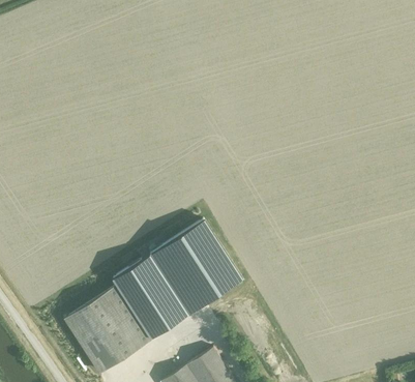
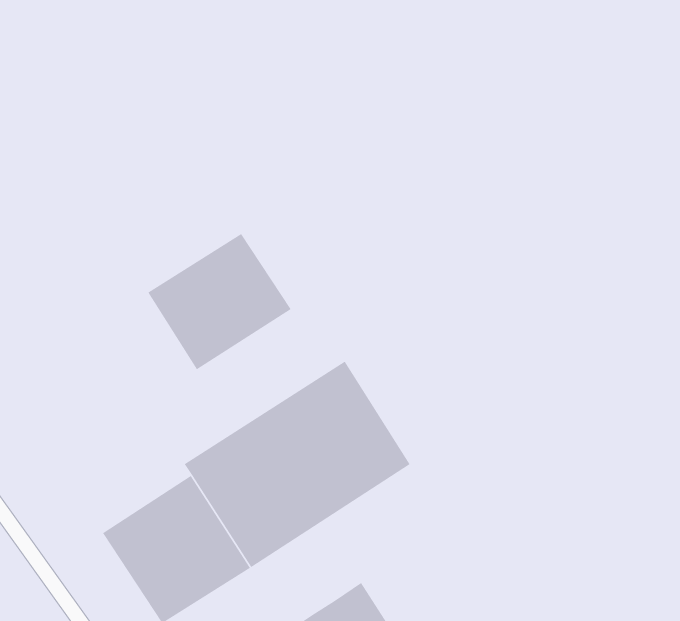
building: none -> [148,233,292,370]

